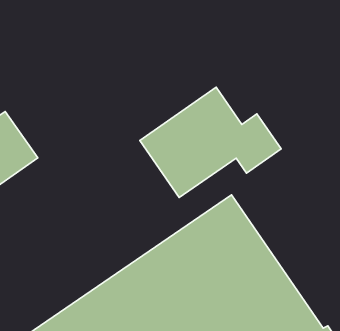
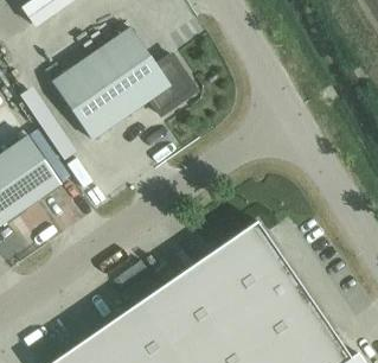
building: [140,87,281,197] -> [52,27,197,140]

